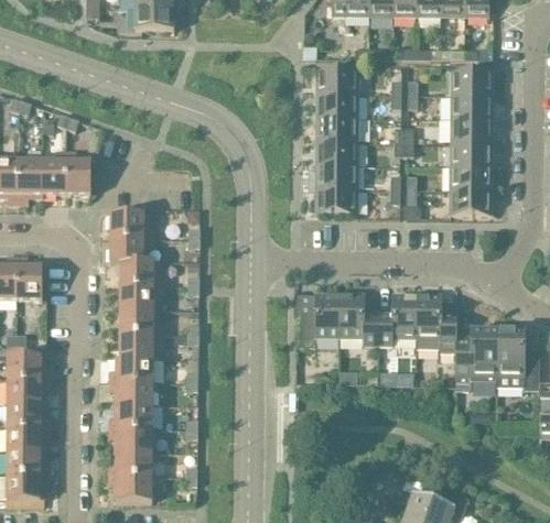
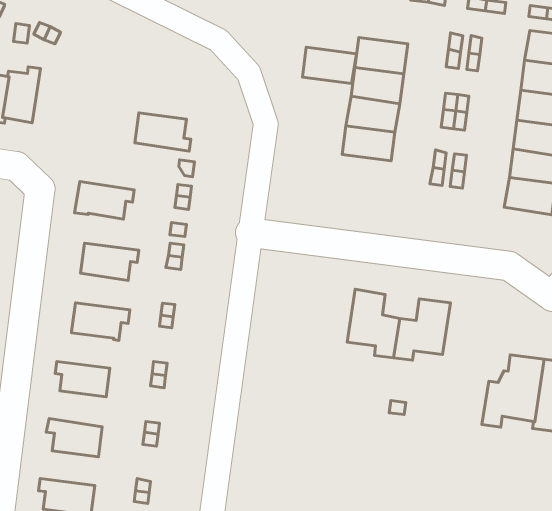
building: [316,69,357,94] -> [302,47,357,84]
building: [65,151,90,195] -> none
building: [315,188,355,214] -> none
building: [109,213,153,238] -> [135,113,191,151]
building: [119,260,163,285] -> none
building: [299,294,339,347] -> none
building: [416,295,455,352] -> none
building: [118,309,162,334] -> none
building: [109,357,152,382] -> none
building: [109,405,152,429] -> none
building: [108,454,152,477] -> none

